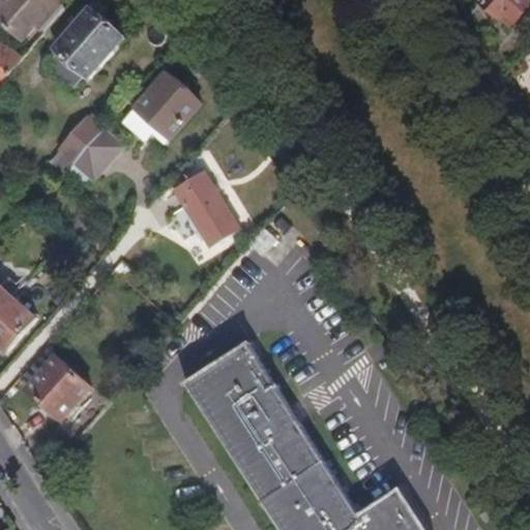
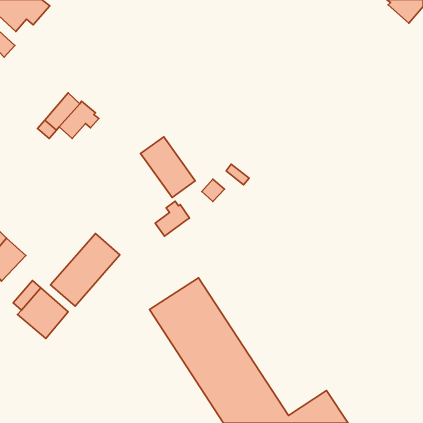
building: [48,6,121,84] -> none
building: [132,72,198,139] -> none
building: none -> [155,201,189,236]
building: none -> [50,233,120,306]

